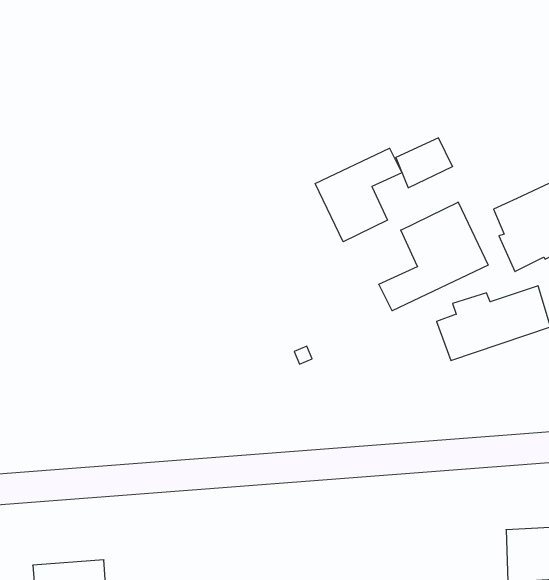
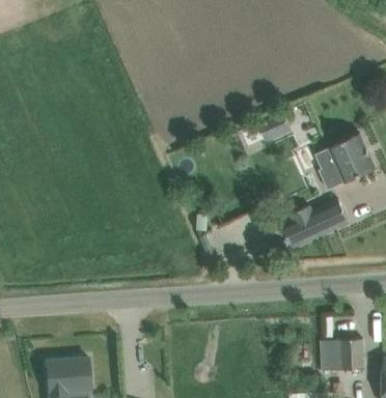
building: [315,148,402,242] -> none
building: [379,202,488,311] -> none

